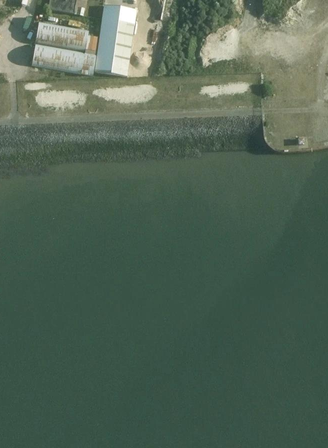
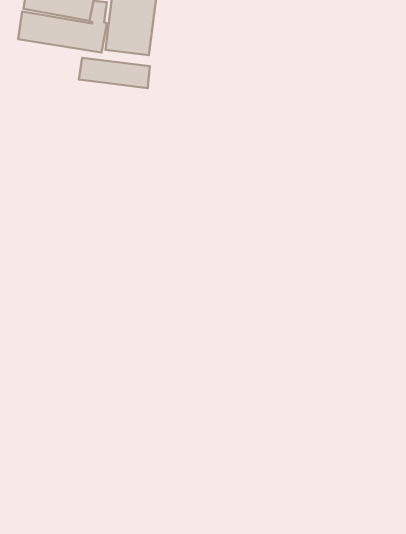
building: none -> [79,58,150,88]

